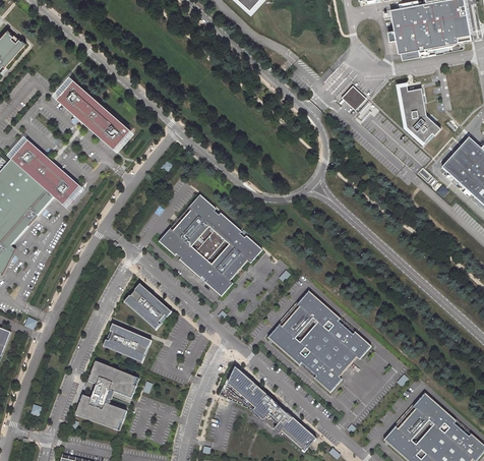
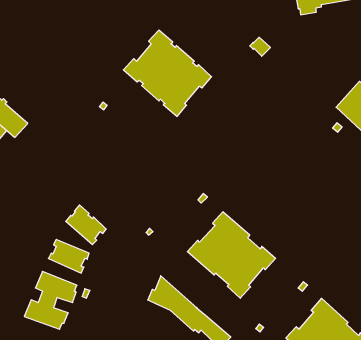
building: [57,79,129,147] -> none
building: [397,82,439,141] -> none
building: [158,194,261,296] -> [123,30,212,116]

